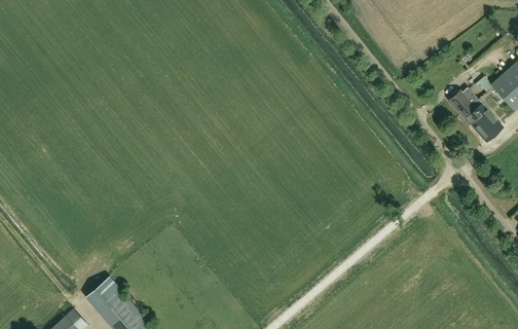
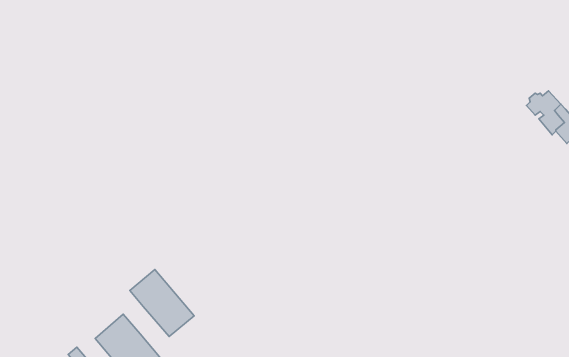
building: none -> [130,270,194,337]

